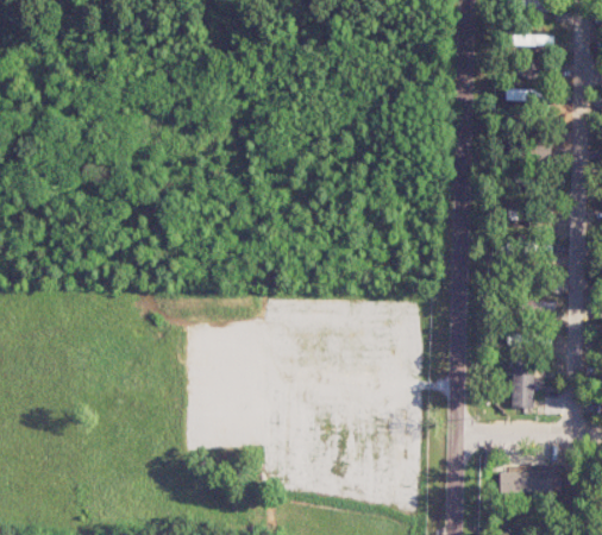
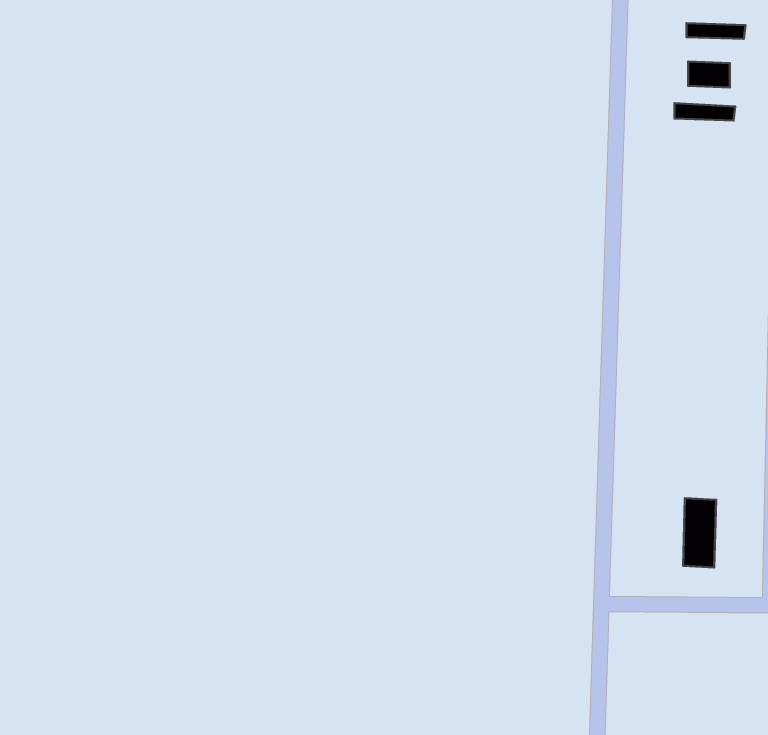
building: [500,470,551,491] -> none

